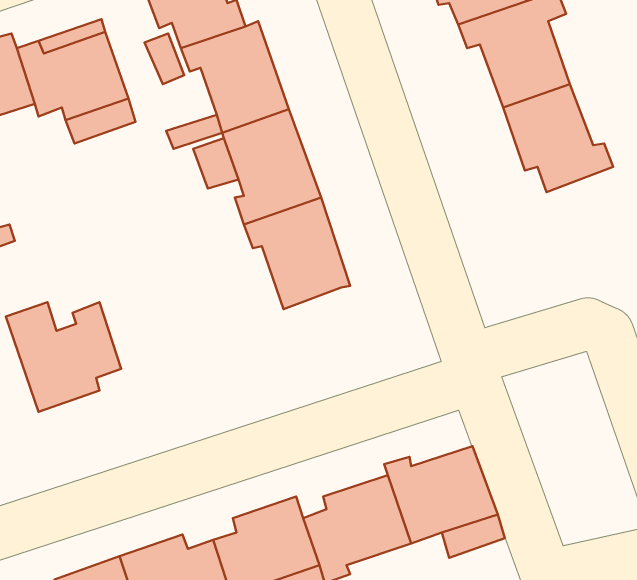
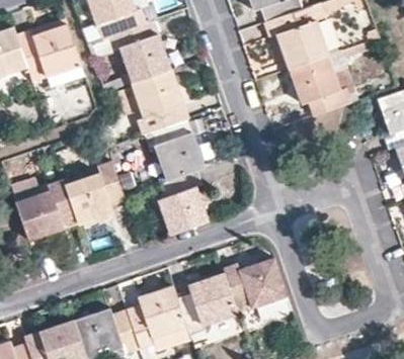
building: none -> [66,163,125,221]
building: none -> [157,169,209,235]

